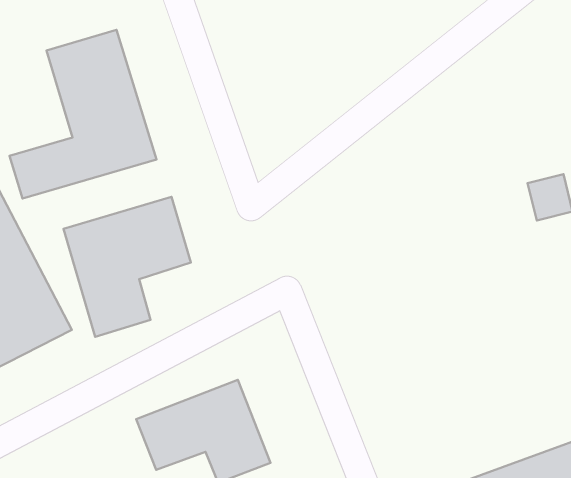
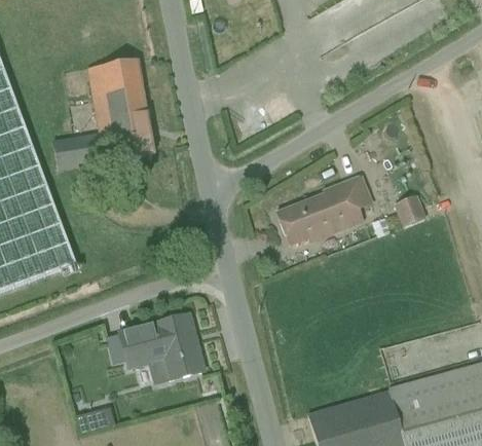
building: none -> [268,173,373,249]
building: [64,197,191,337] -> none

